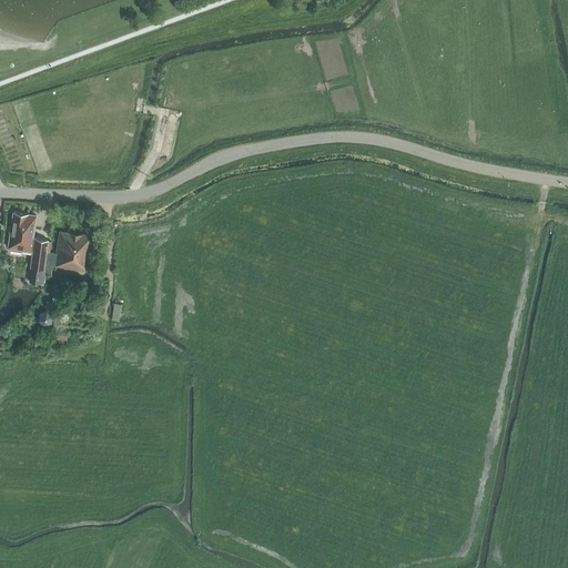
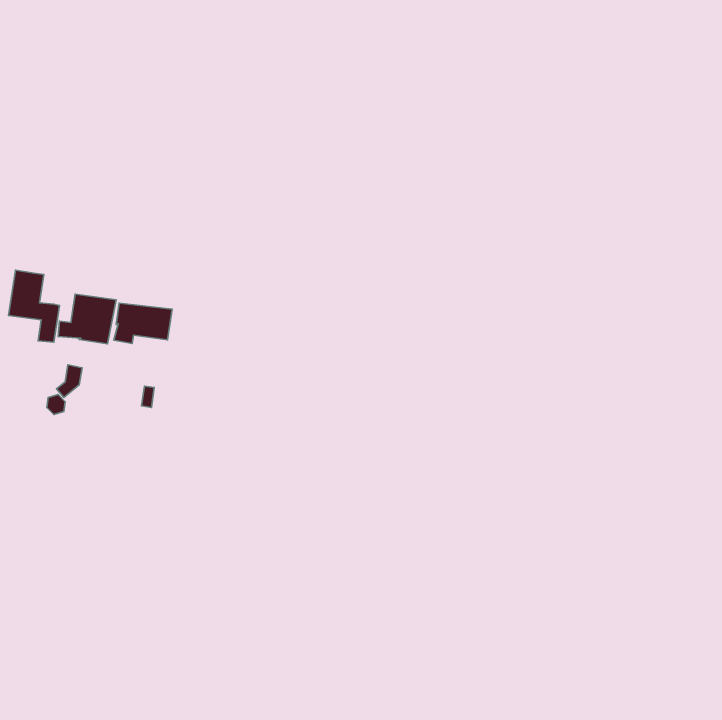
building: none -> [114,303,172,344]

